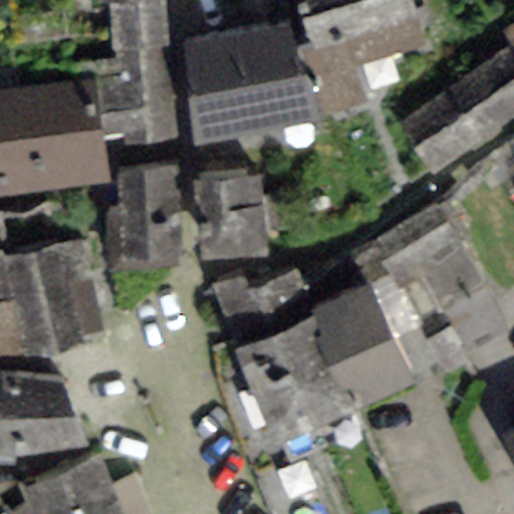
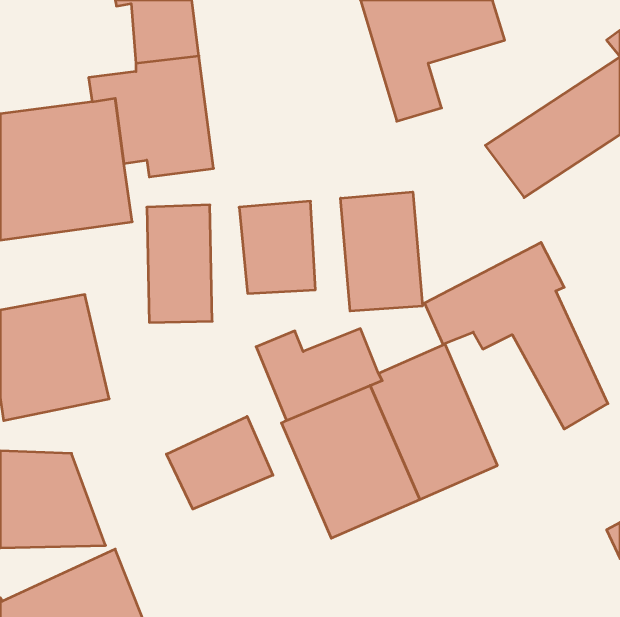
building: [186,21,308,132] -> none
building: none -> [341,192,422,311]
building: none -> [166,416,273,509]

